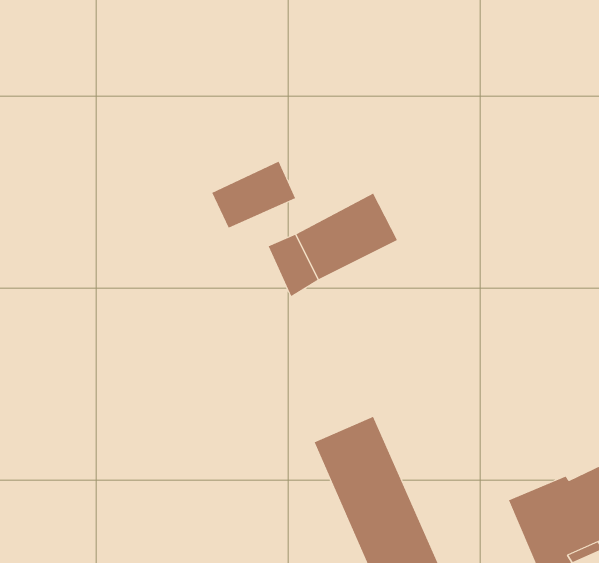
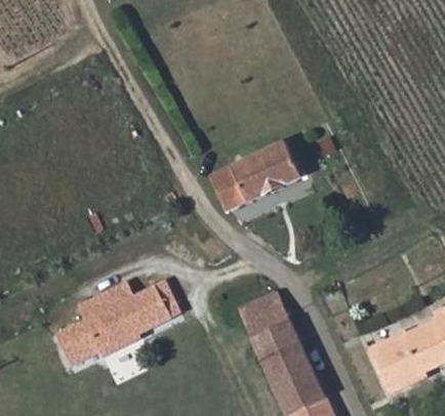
building: [211,161,296,228] -> none
building: none -> [51,276,178,364]

